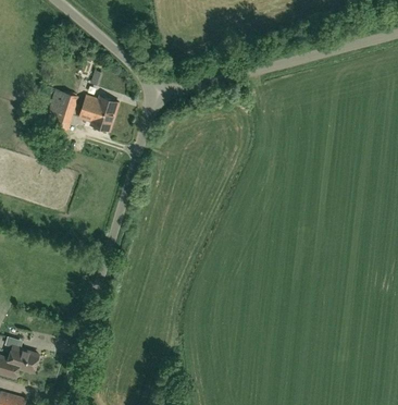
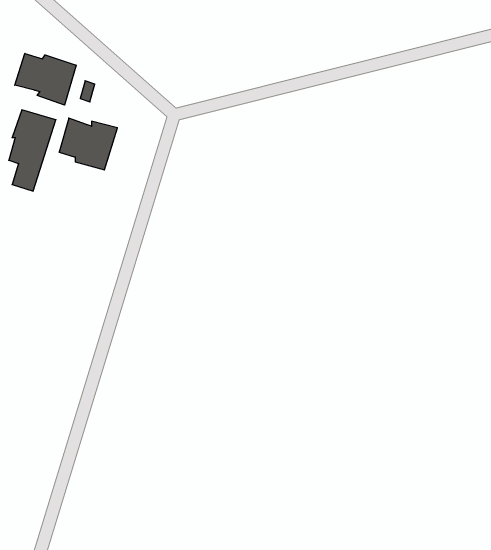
building: none -> [15,53,76,105]

